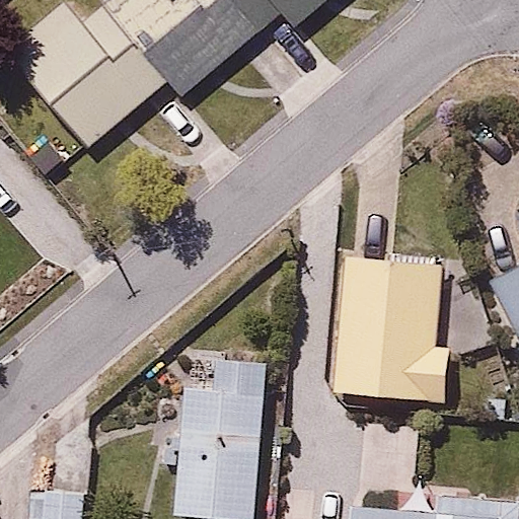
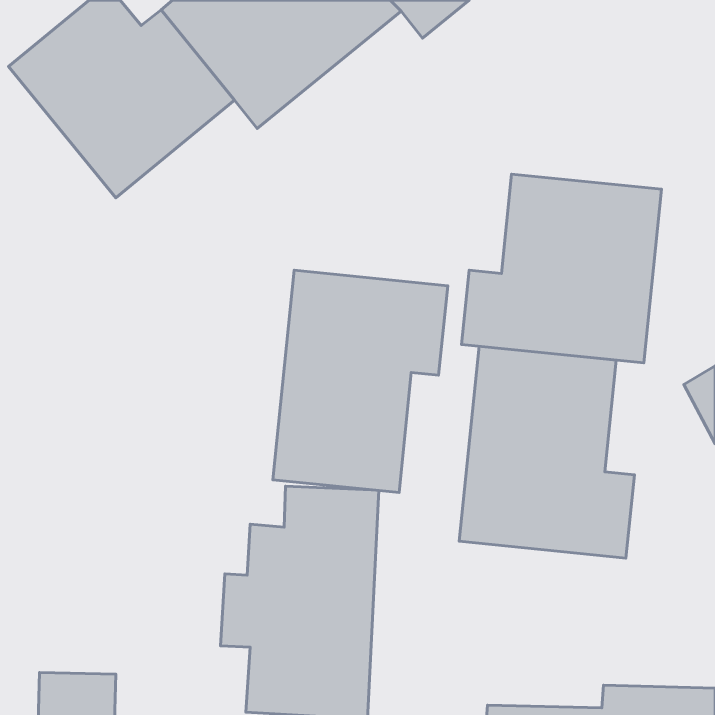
building: none -> [462,174,661,363]
building: none -> [273,270,448,492]

